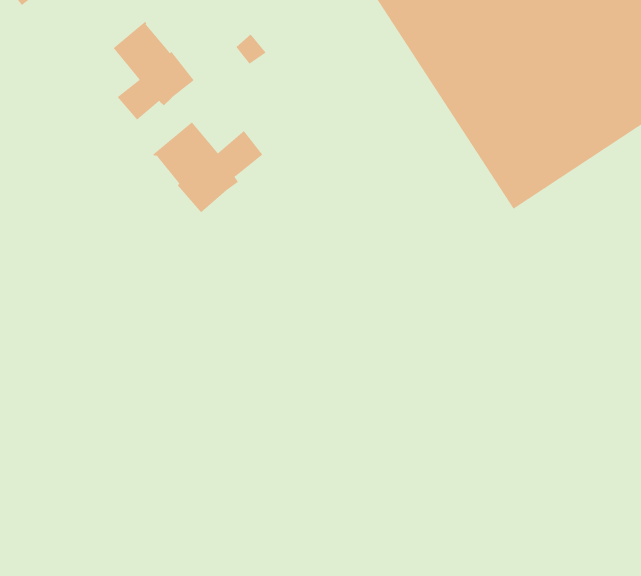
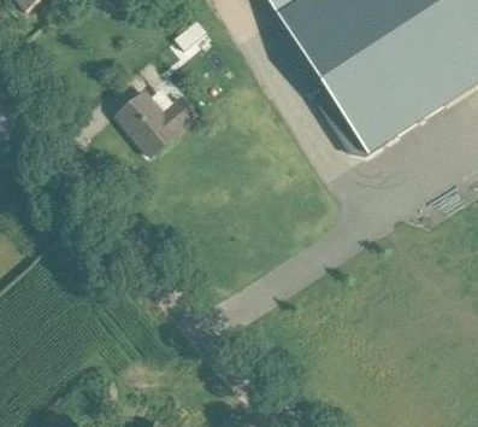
building: [113,21,194,121] -> none

